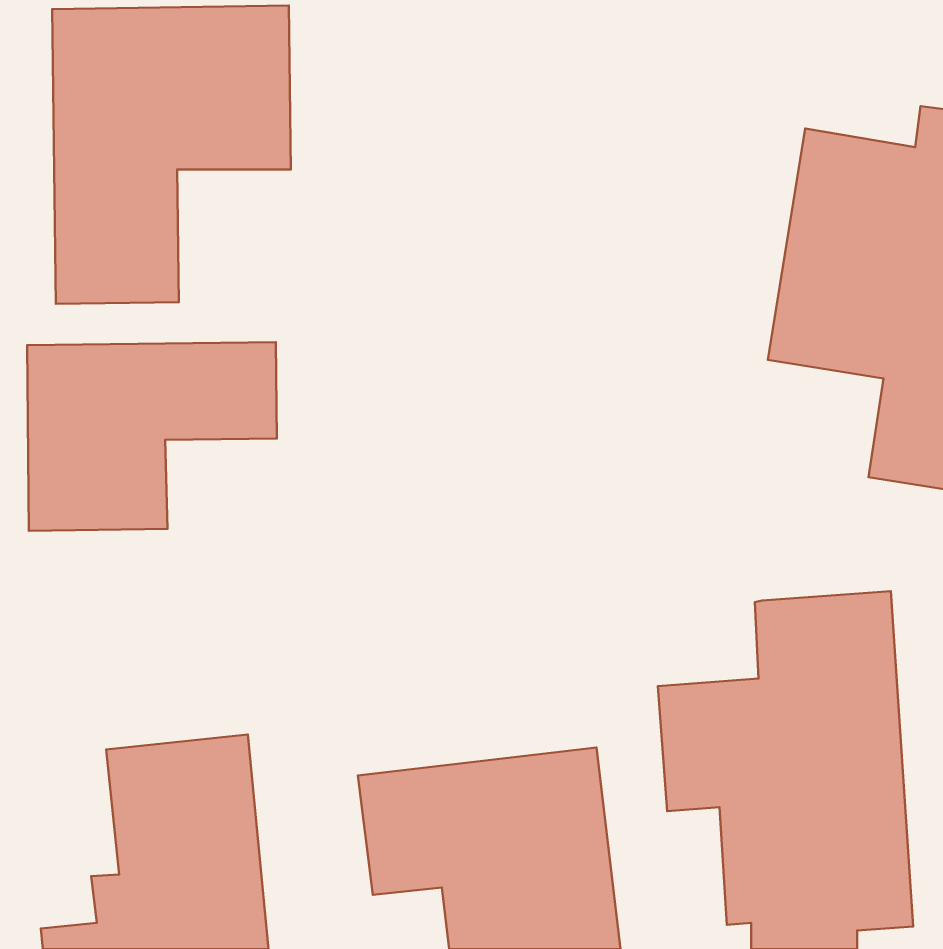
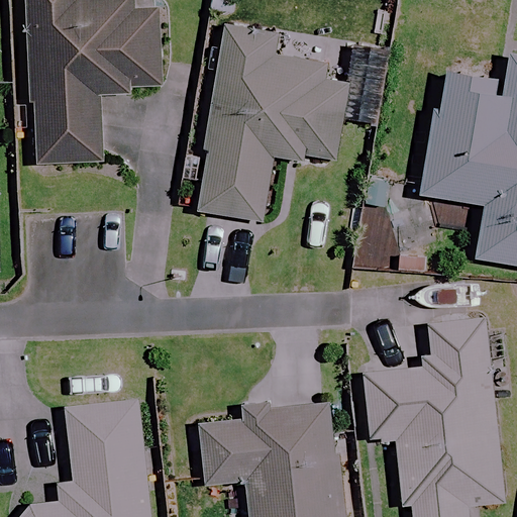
building: none -> [199,27,380,221]
building: [27,342,277,531] -> none

